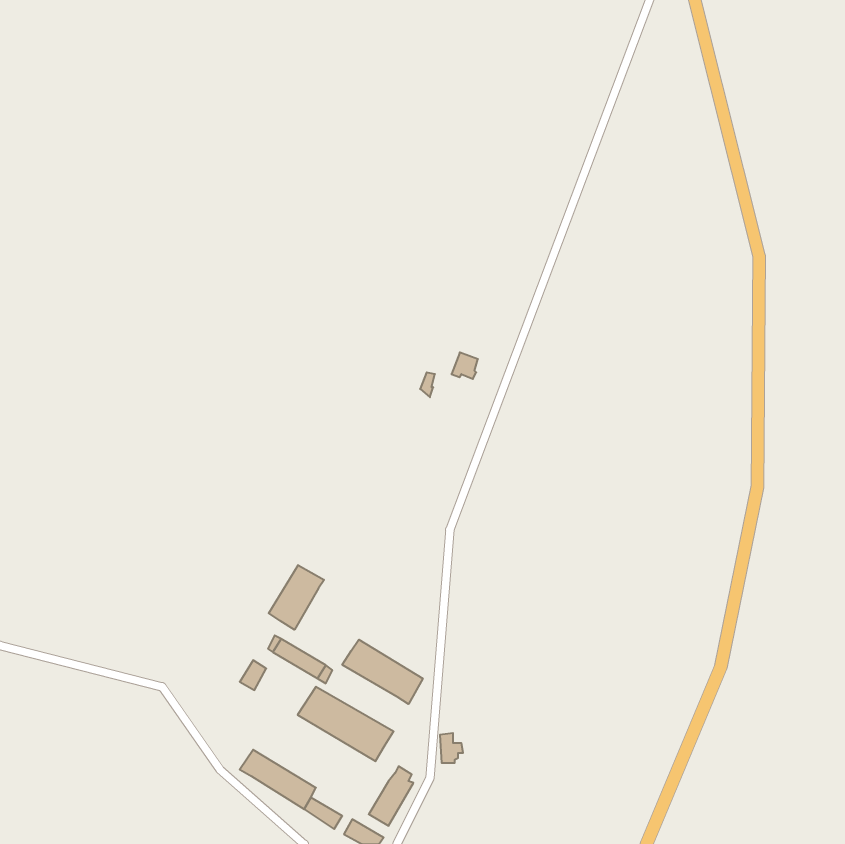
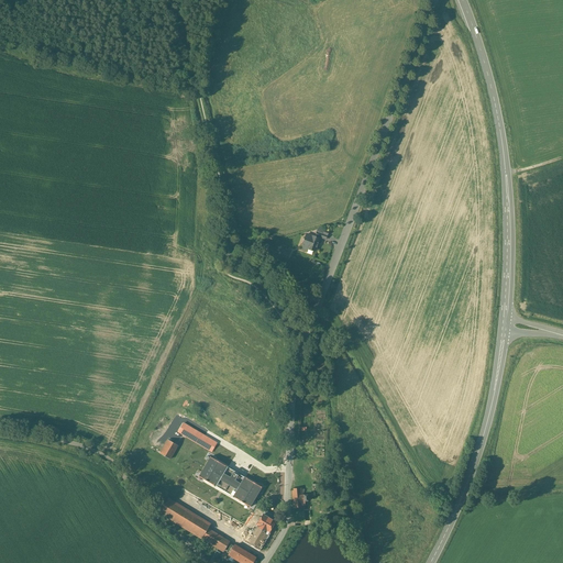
building: [269,565,324,630] -> none
building: [342,640,423,704] -> none

